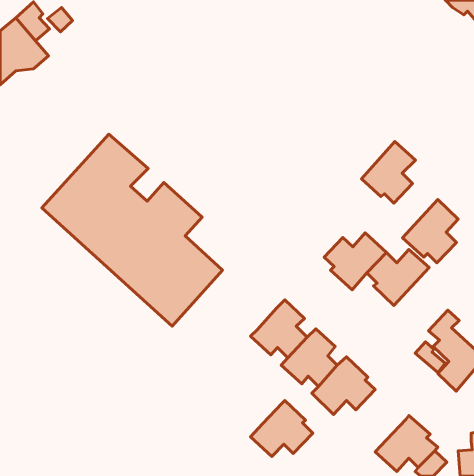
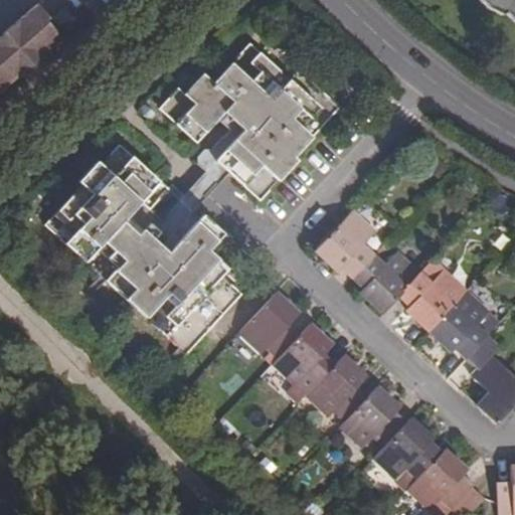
building: none -> [161,43,340,196]
building: [361,142,415,203] -> [317,211,375,278]
building: [402,200,458,263] -> [427,289,488,357]
building: none -> [239,293,301,356]
building: [250,401,313,456] -> [373,417,441,478]

